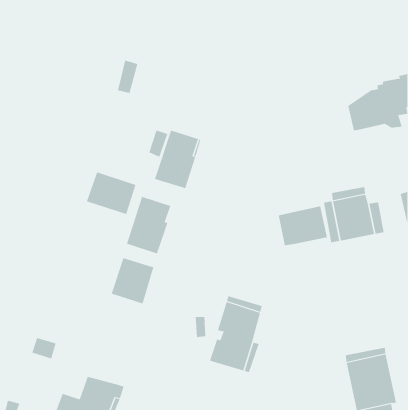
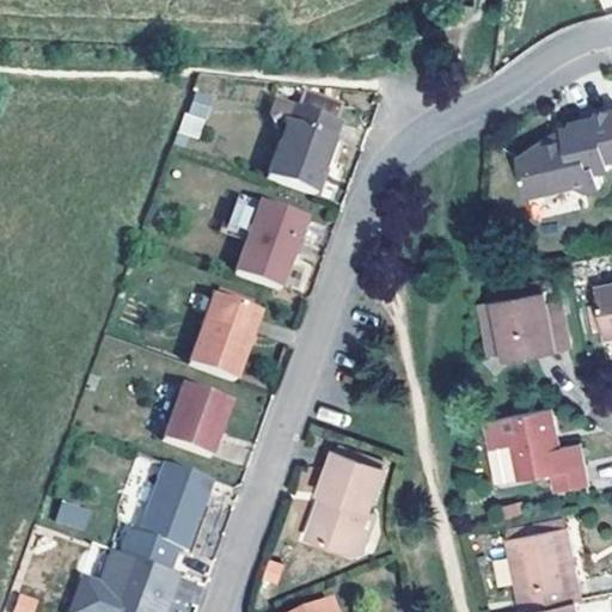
building: none -> [257,96,328,185]
building: [86,172,136,215] -> none
building: [278,206,327,246] -> none
building: none -> [491,409,592,490]
building: none -> [127,464,215,574]

